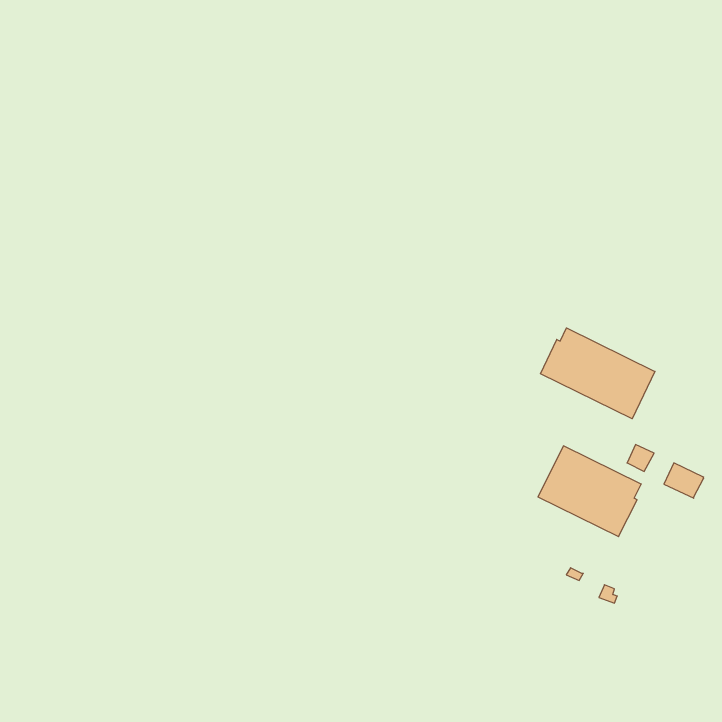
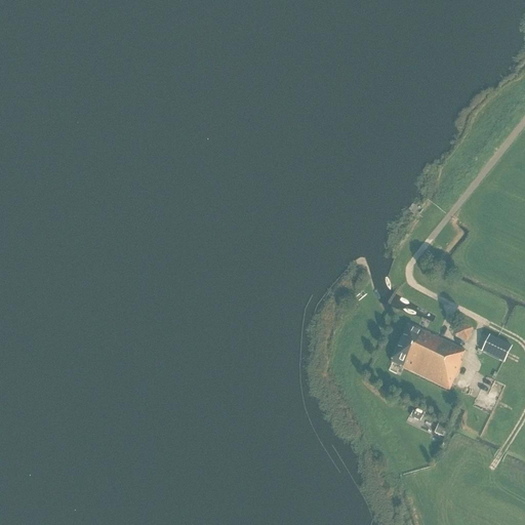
building: [540,328,655,419] -> none

